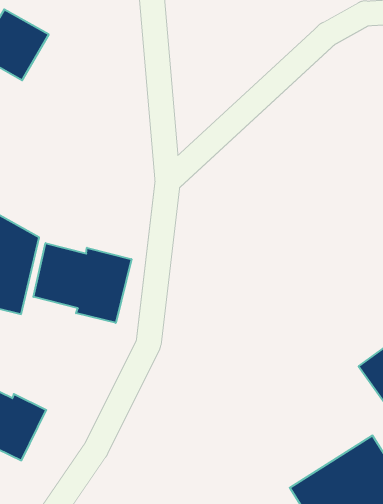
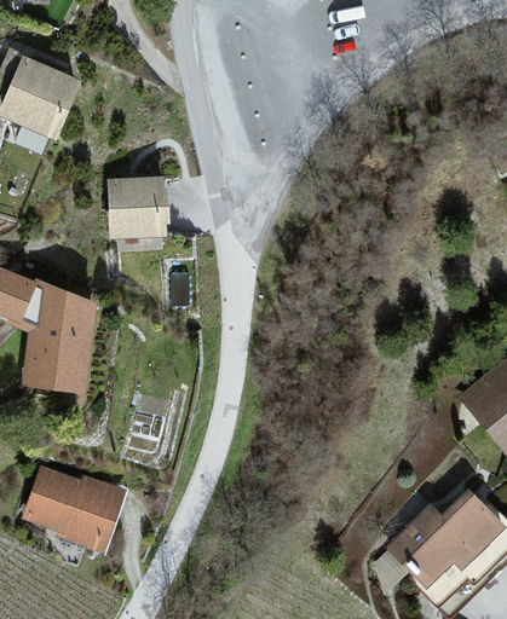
building: none -> [110,179,165,235]
building: [33,243,131,323] -> none

